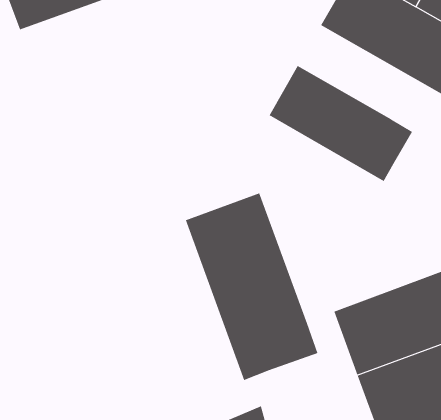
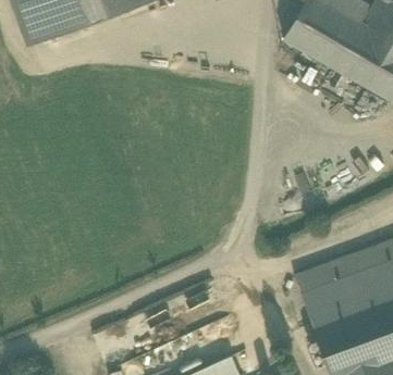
building: [269,65,413,182] -> none
building: [185,192,318,381] -> none

